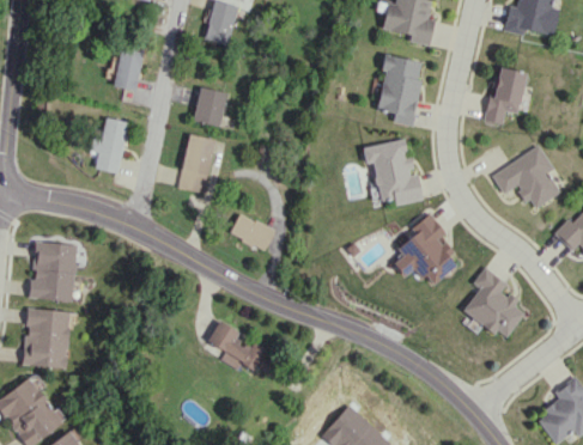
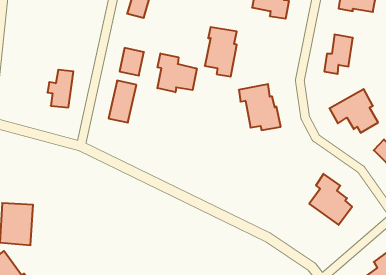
building: [114,43,145,91] -> none
building: [376,55,421,126] -> [205,27,237,77]
building: none -> [157,53,197,92]
building: [229,213,274,251] -> none
building: [393,213,457,286] -> none
building: [28,242,75,301] -> none
building: [207,321,277,374] -> none

